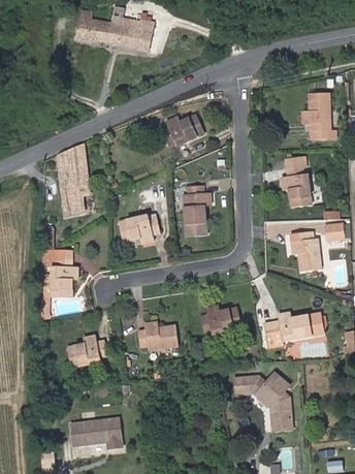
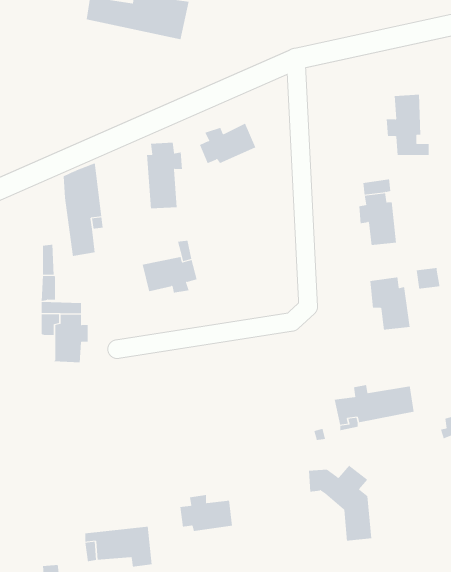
building: [183,185,211,235] -> [146,142,183,209]
building: [199,307,240,335] -> none
building: [137,321,178,349] -> [180,495,233,531]
building: [66,335,107,367] -> none

